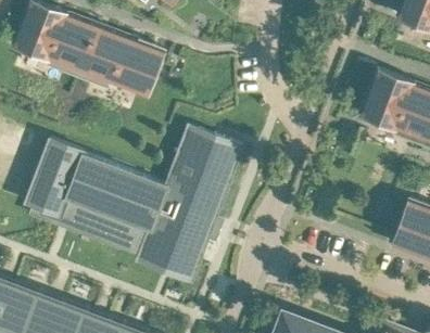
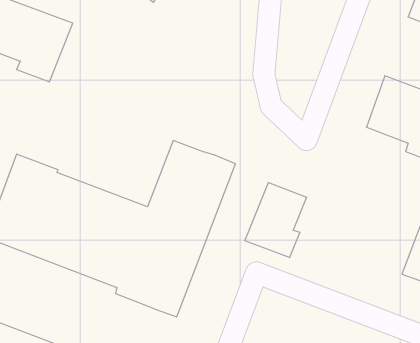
building: [78,22,165,92] -> none
building: none -> [245,183,306,258]

